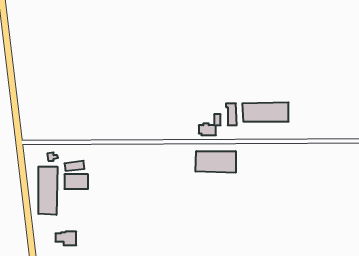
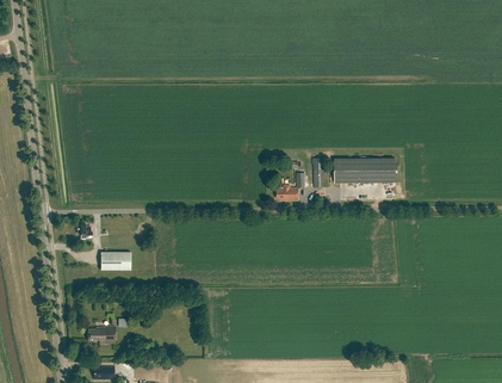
building: [196,151,236,173] -> none
building: [38,167,57,215] -> none

